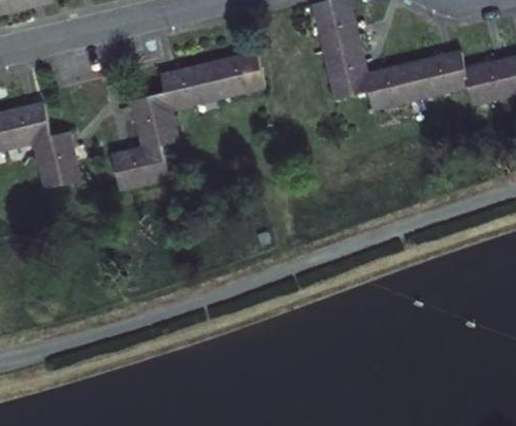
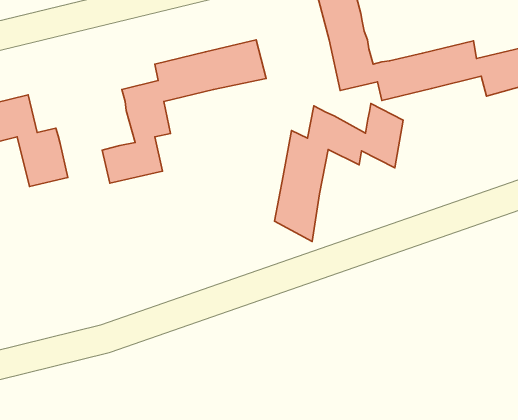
building: none -> [274,104,403,242]

